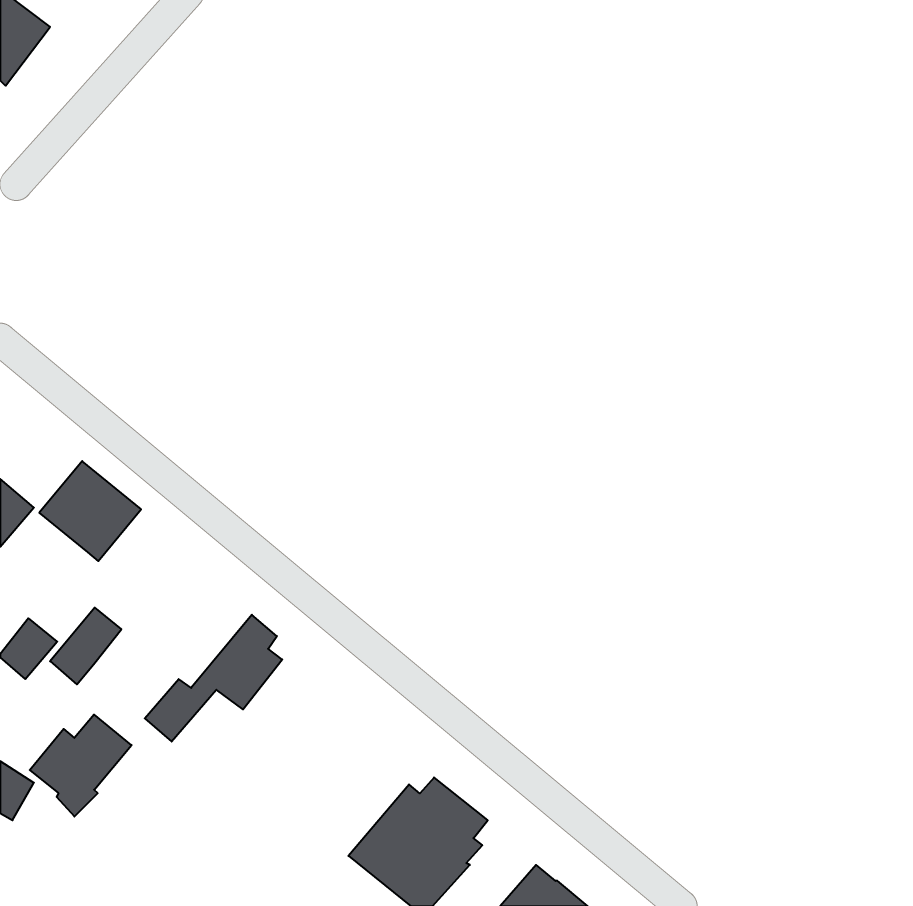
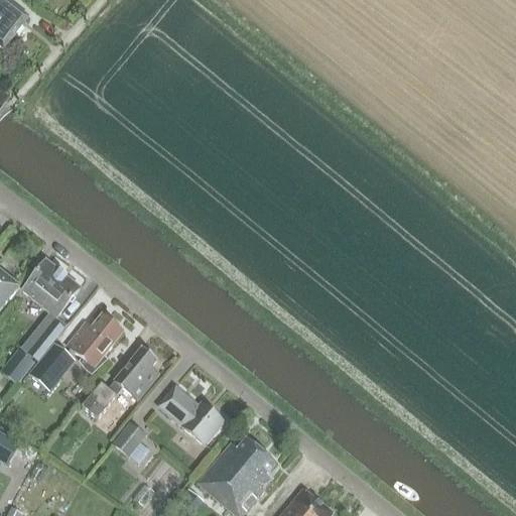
building: none -> [23,311,64,361]
building: none -> [158,386,224,444]
building: [30,715,132,817] -> [66,313,123,371]
building: none -> [110,420,144,457]

